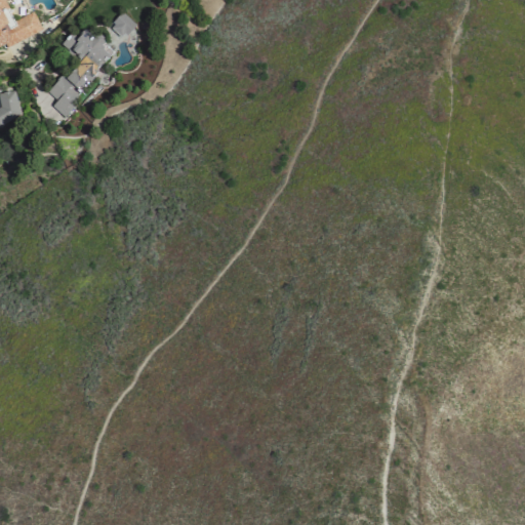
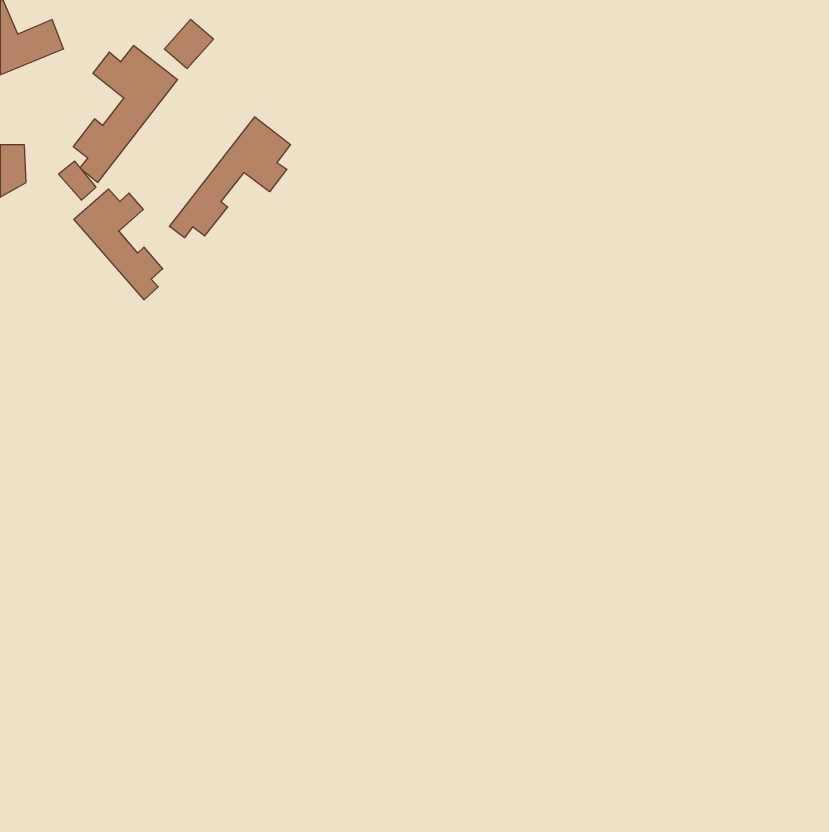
building: none -> [169,117,290,238]
building: none -> [74,189,163,300]

